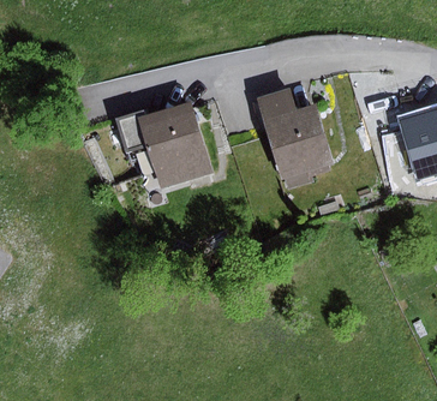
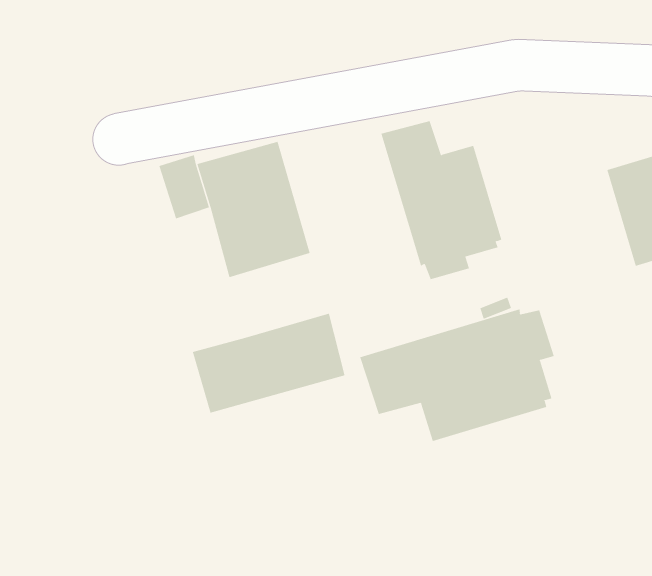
building: none -> [359,309,554,442]
building: none -> [192,313,345,414]

